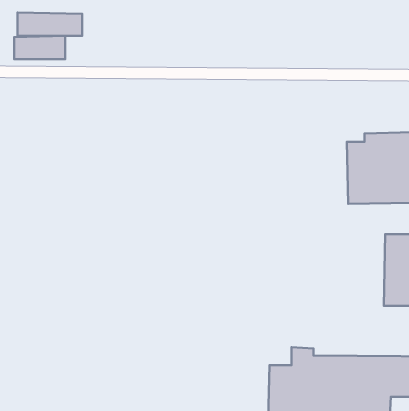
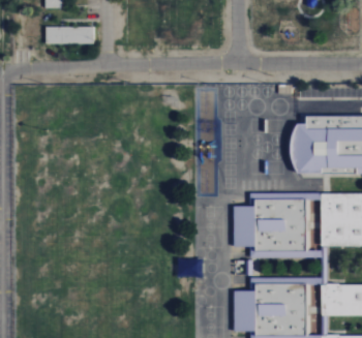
building: [14,36,65,59] -> none
building: none -> [233,193,320,257]

